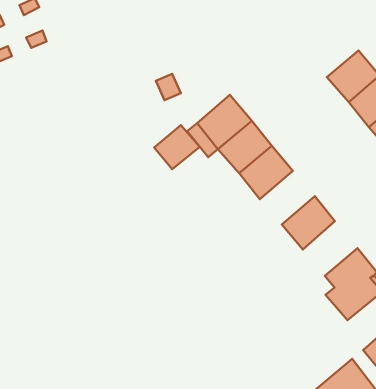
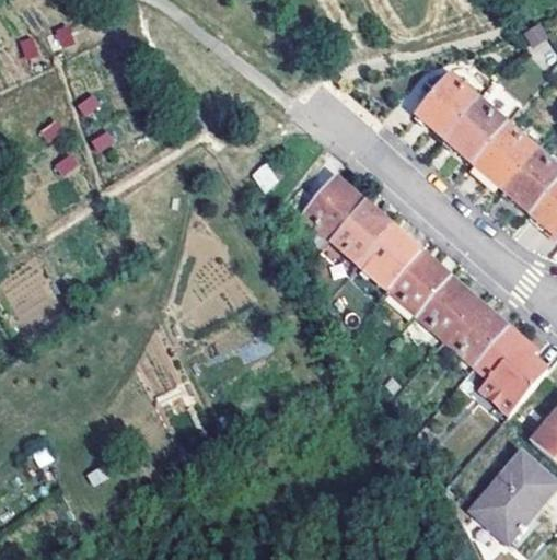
building: none -> [415,74,475,135]
building: [154,125,200,169] -> none
building: none -> [387,248,450,312]
building: none -> [445,299,508,363]

